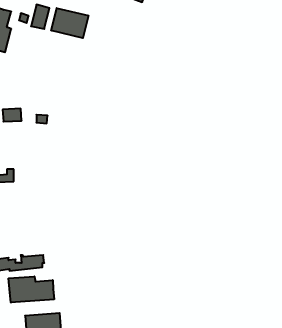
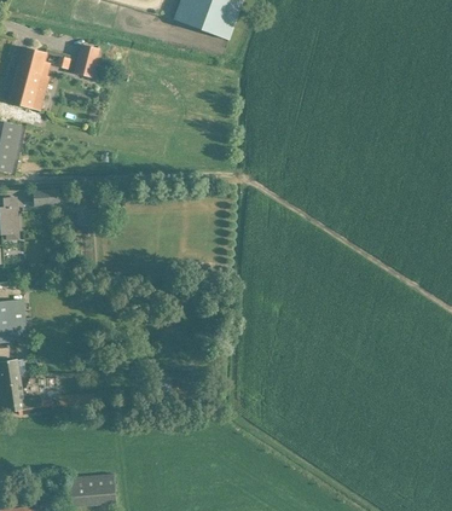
building: [51,8,88,38] -> none
building: [9,276,54,303] -> none

